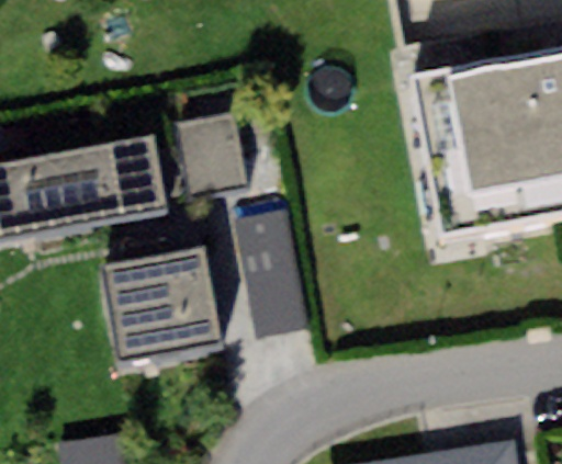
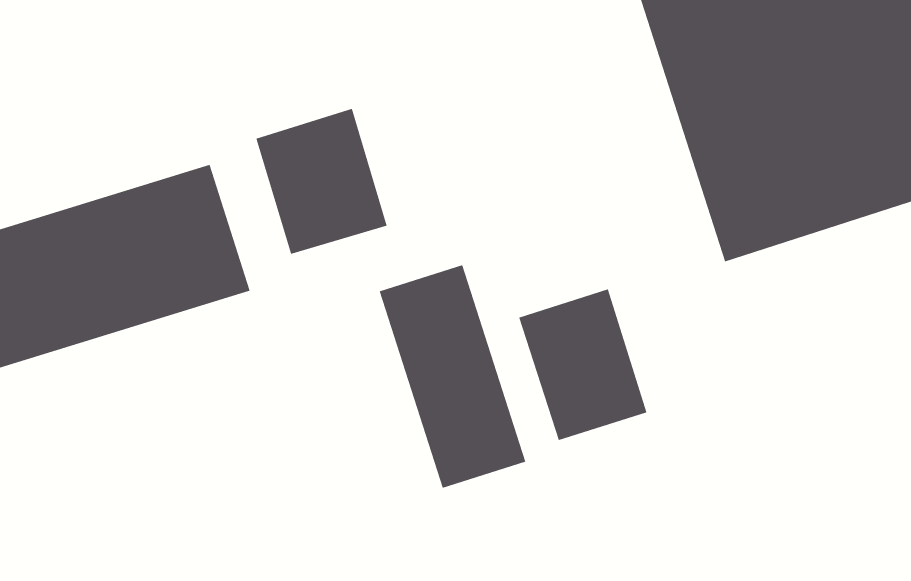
building: none -> [519,288,647,441]
building: [104,248,223,364] -> none

